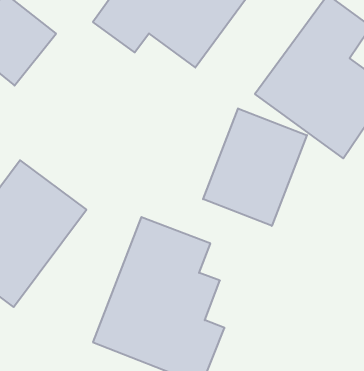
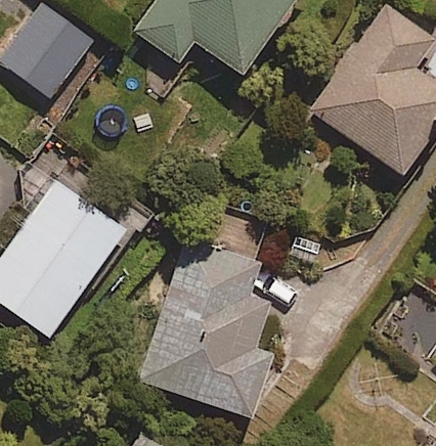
building: [203,108,307,226] -> none

